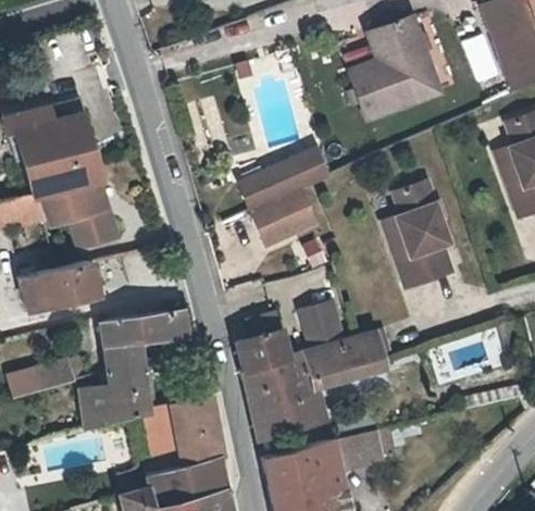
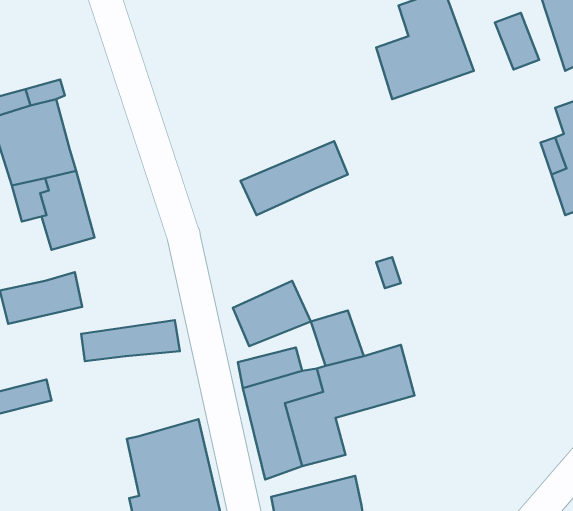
building: [381,182,456,291] -> none
building: [251,190,320,248] -> [233,281,311,346]
building: [77,338,147,426] -> none
building: [338,431,399,470] -> none

